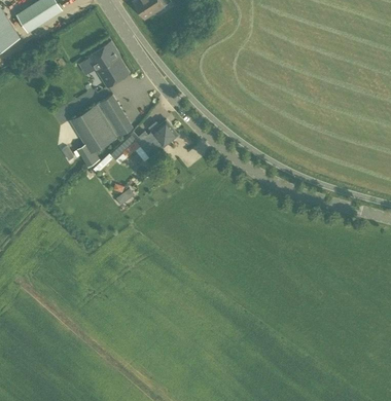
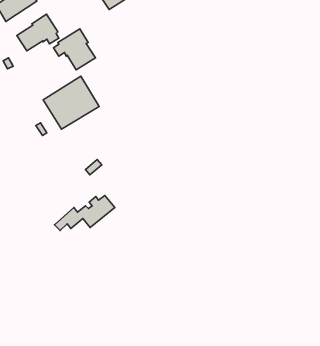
building: none -> [17,14,59,51]
building: [108,121,176,160] -> [55,196,115,230]

